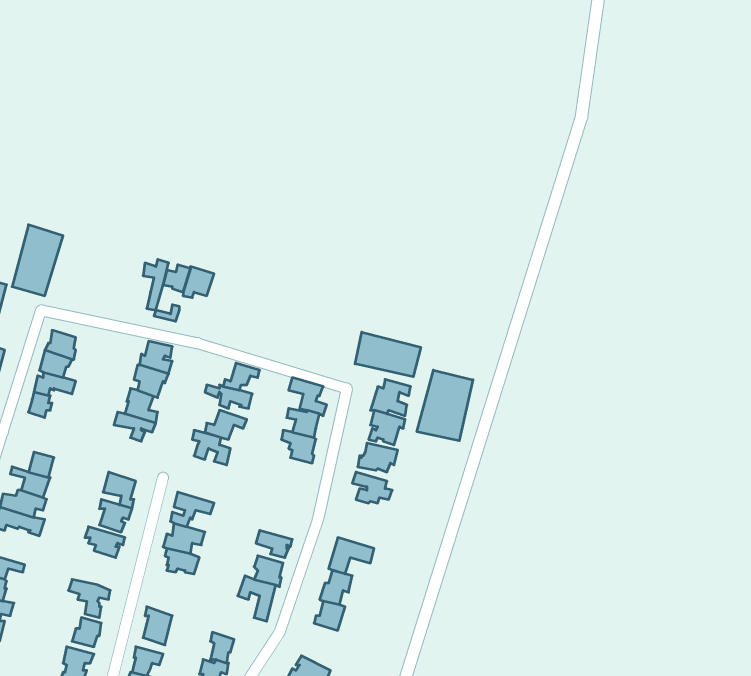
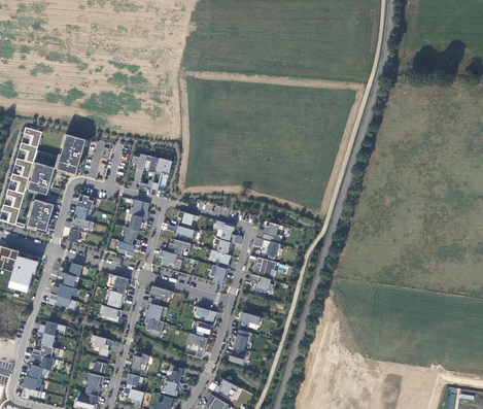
building: [355,332,421,377] -> none
building: [417,370,473,441] -> none

